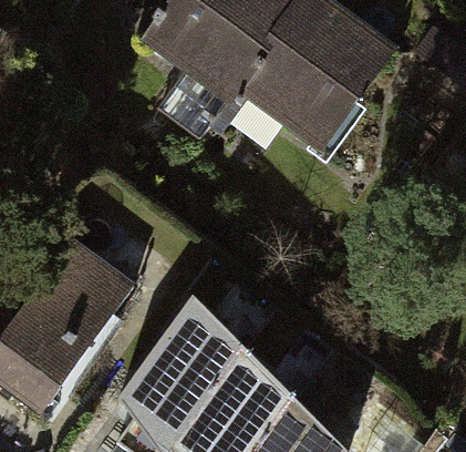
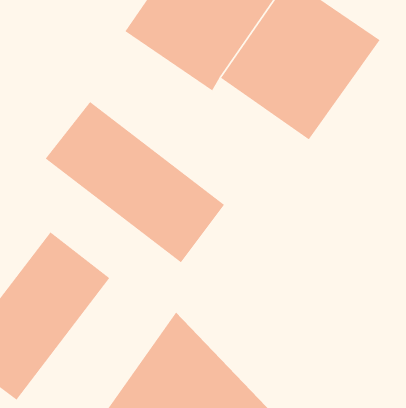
building: none -> [45,101,225,263]

